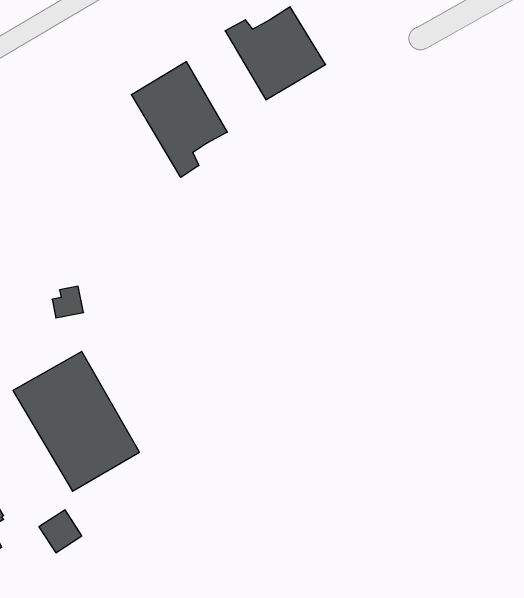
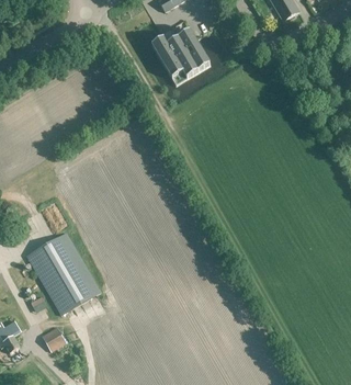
building: [131,62,227,177] -> none

